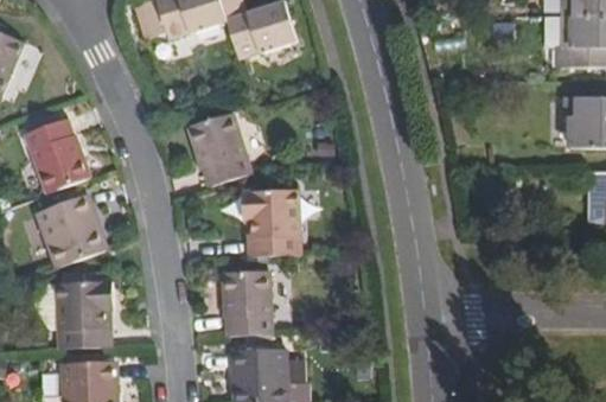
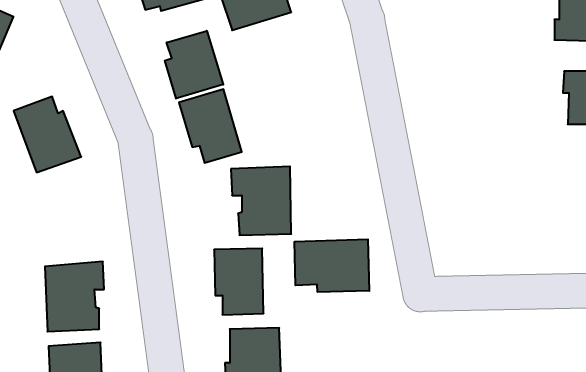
building: none -> [165,31,223,99]
building: [36,196,108,269] -> none
building: none -> [295,239,369,292]

